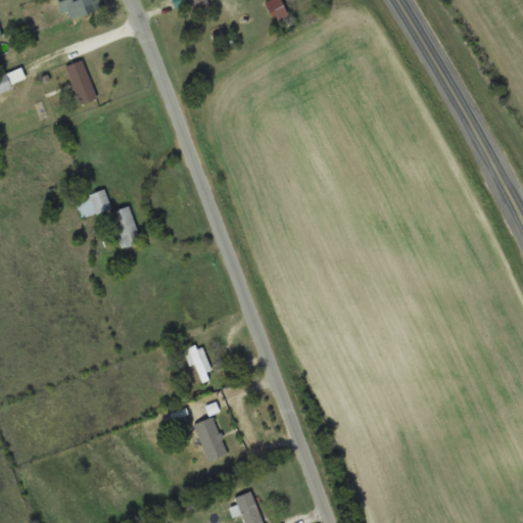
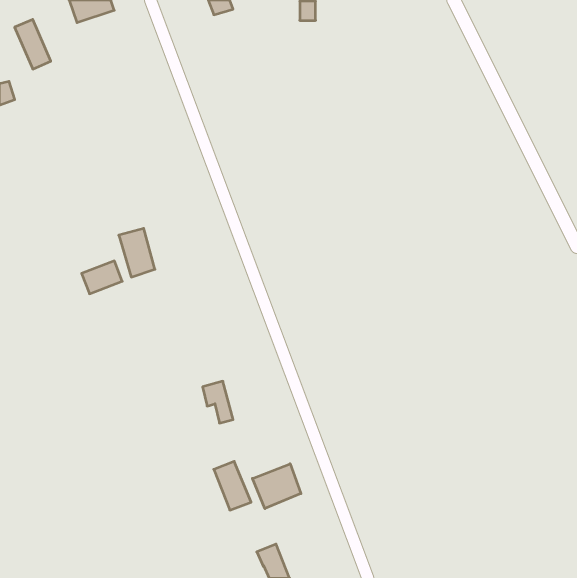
building: [65,60,98,105] -> [15,19,51,69]
building: [74,189,110,219] -> [82,261,122,294]
building: none -> [252,464,301,509]

